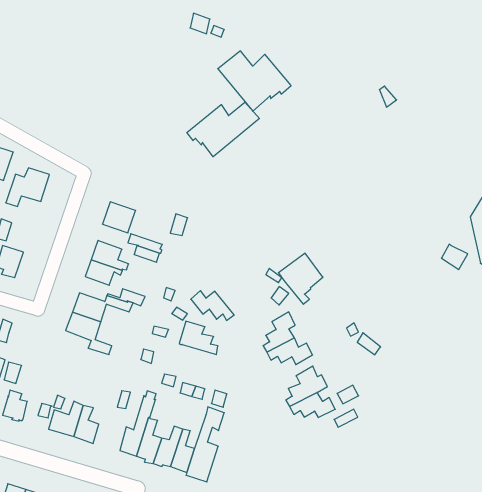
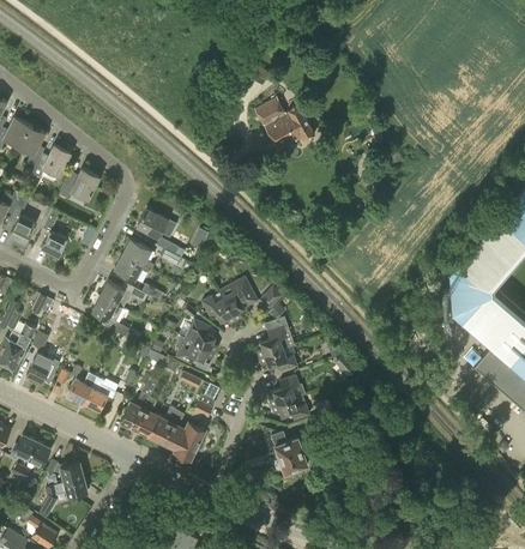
building: [187,102,259,157] -> none
building: [278,253,323,304] -> [219,278,257,321]
building: none -> [176,339,216,363]
building: none -> [271,433,307,473]

